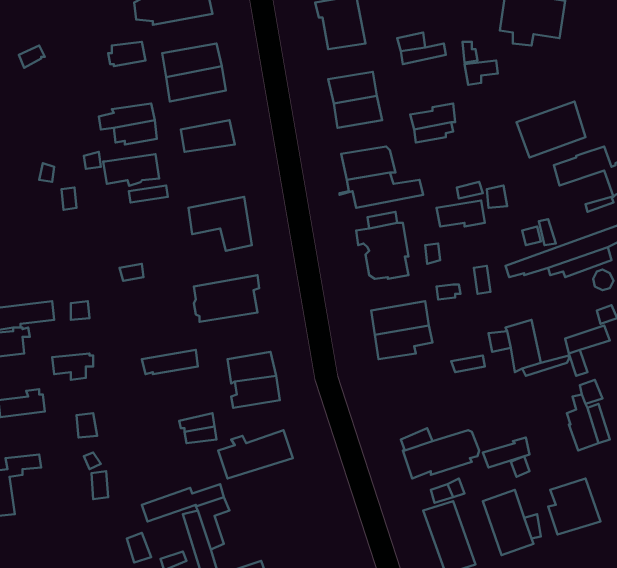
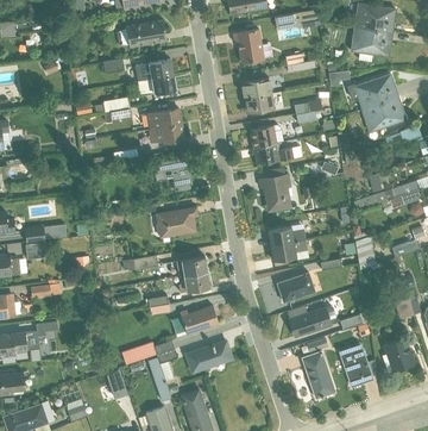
building: none -> [346,74,397,110]
building: [103,154,159,186] -> [147,124,183,144]
building: none -> [276,273,314,302]
building: none -> [184,341,231,373]

